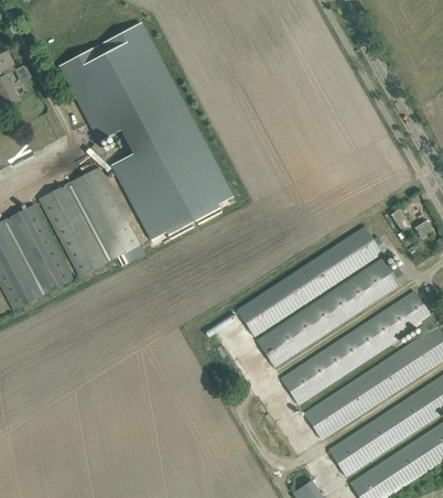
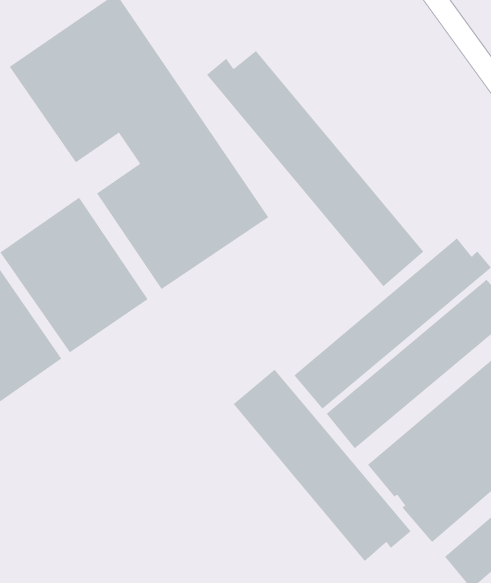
building: none -> [206,50,424,287]
building: none -> [233,369,412,562]

